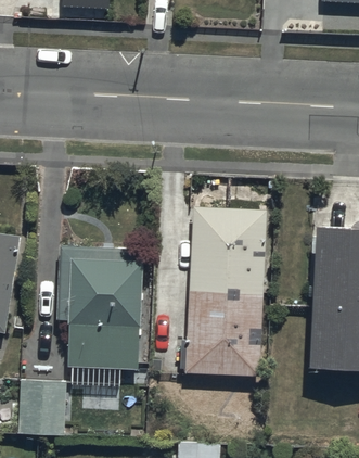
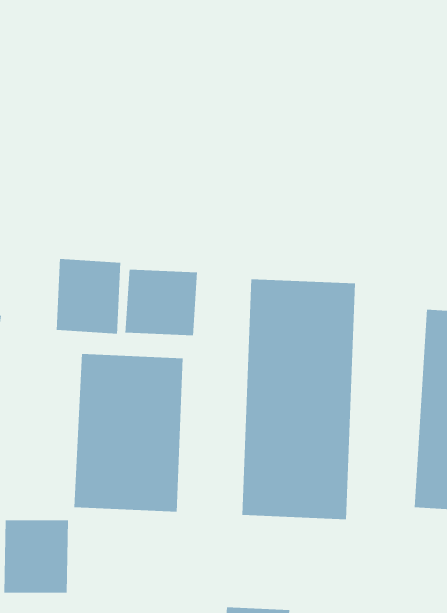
building: none -> [56,258,121,335]
building: none -> [125,269,197,336]

